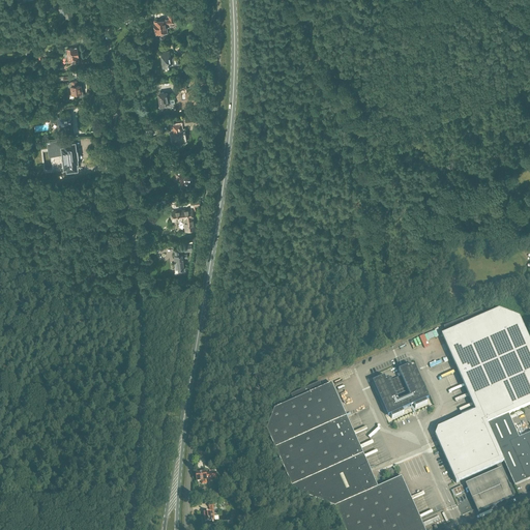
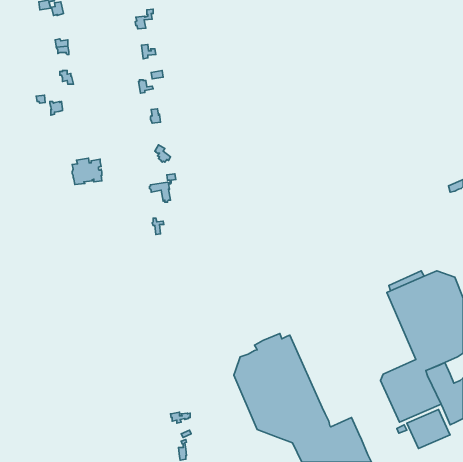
building: [42,141,77,171] -> [72,158,102,185]
building: [373,364,429,418] -> none

